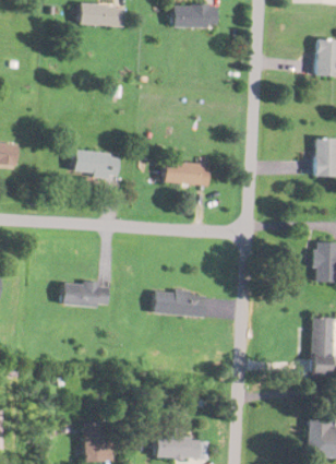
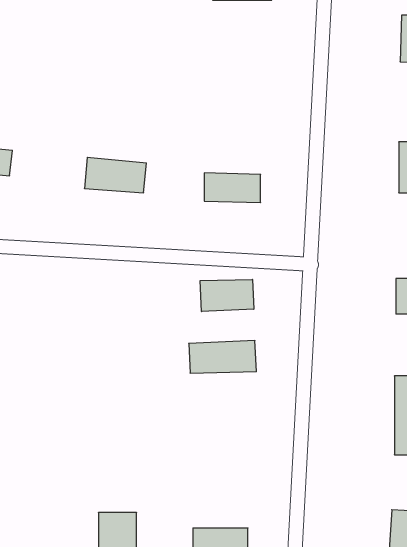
building: none -> [200,279,254,312]
building: [61,283,108,308] -> none

